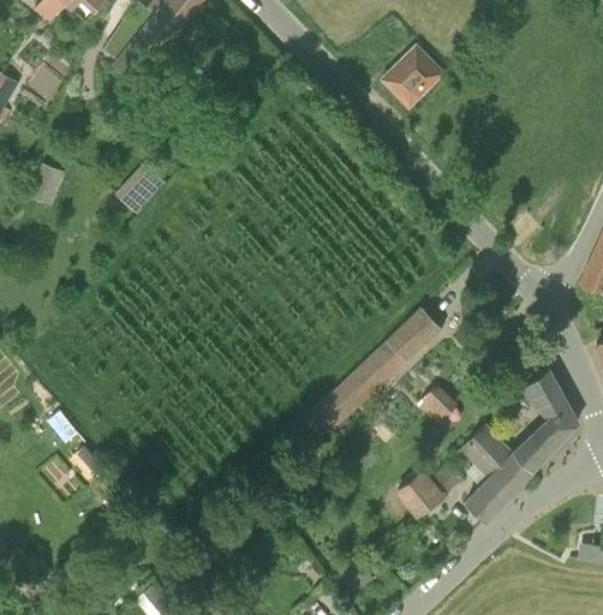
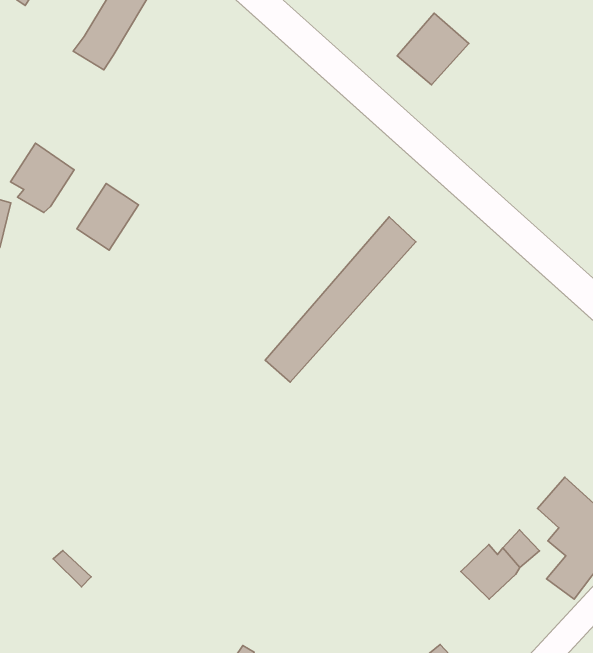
building: none -> [10,143,74,213]
building: [311,309,438,432] -> [265,217,416,382]
building: [417,387,454,424] -> none

